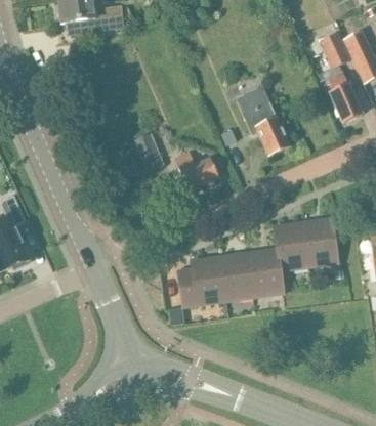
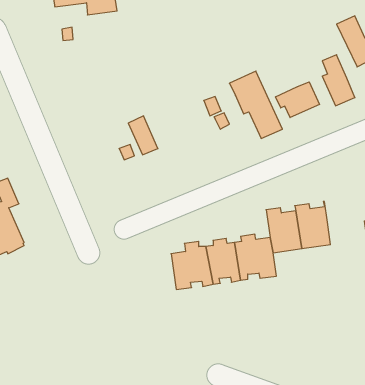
building: [321,31,350,67] -> none
building: none -> [276,82,320,118]
building: [175,151,219,189] -> none

